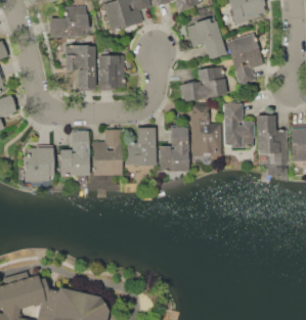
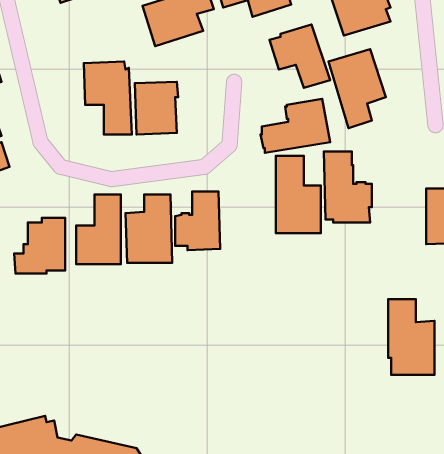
building: [49,7,87,37] -> none
building: [257,116,288,166] -> [388,299,434,375]
building: [158,126,189,172] -> none

